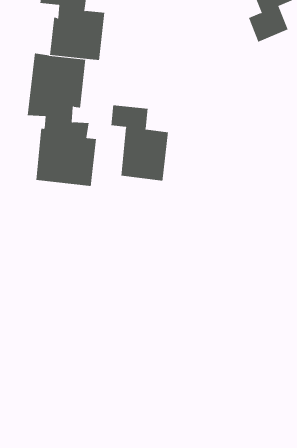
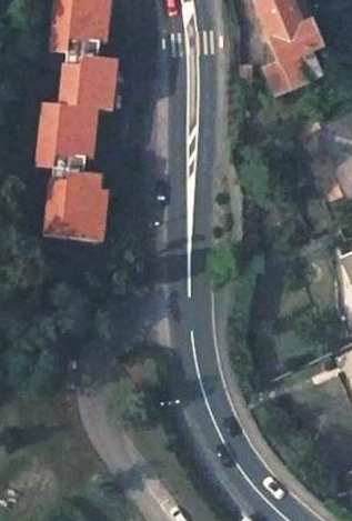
building: [111,104,168,182] -> none

